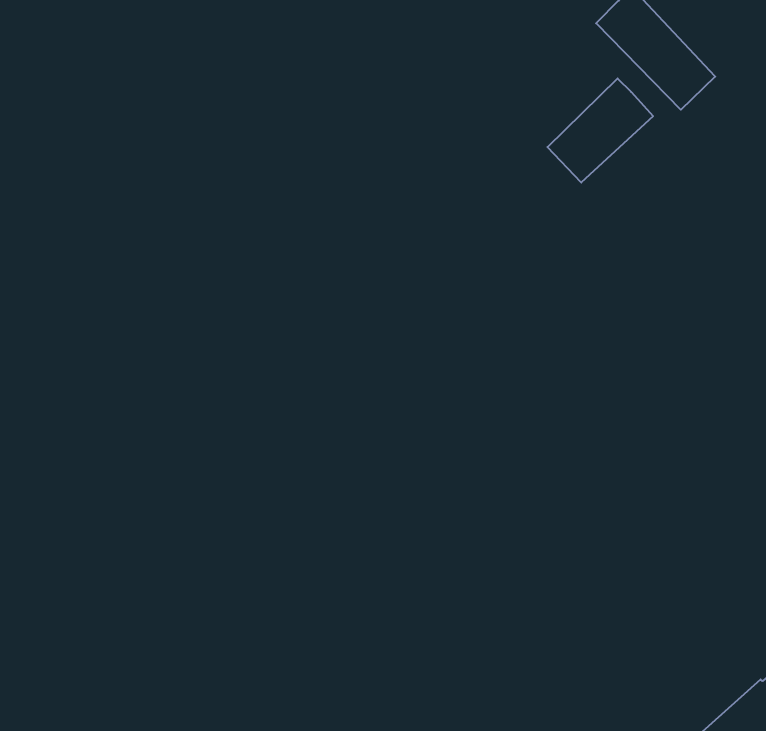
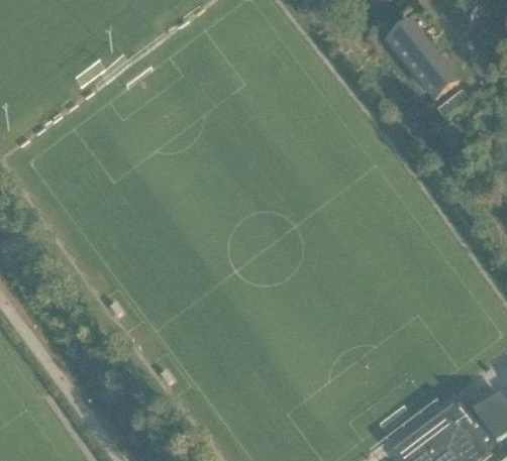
building: [547,78,653,183] -> none

